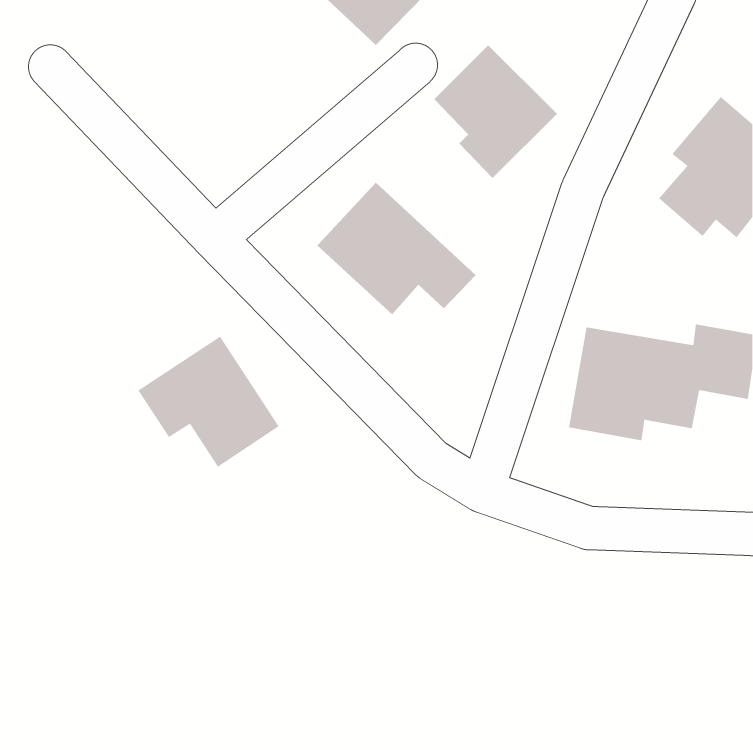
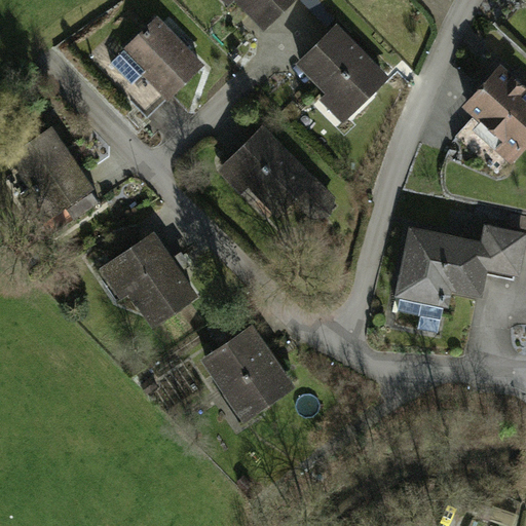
building: none -> [116,20,202,99]
building: none -> [10,127,90,215]
building: none -> [200,326,294,422]

